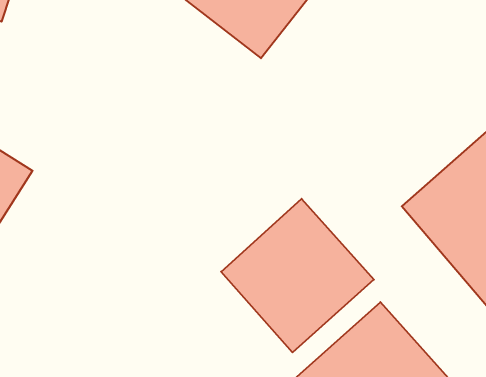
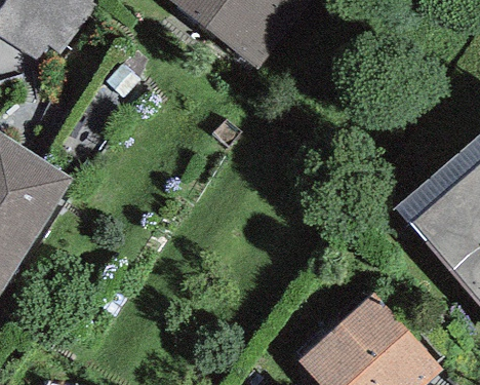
building: [221,199,374,352] -> none

